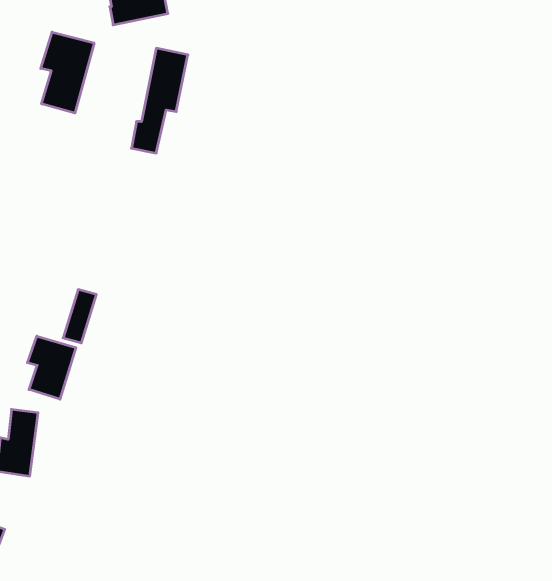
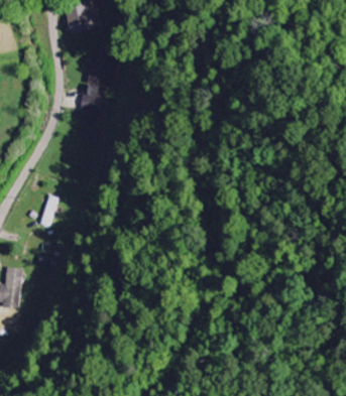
building: [41,32,94,113] -> none
building: [27,336,76,399] -> none

